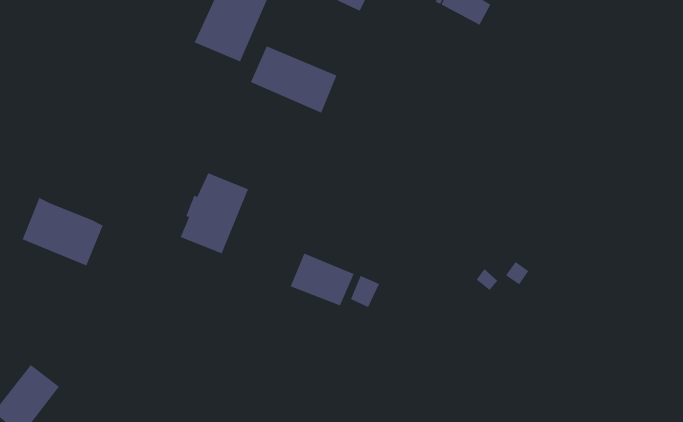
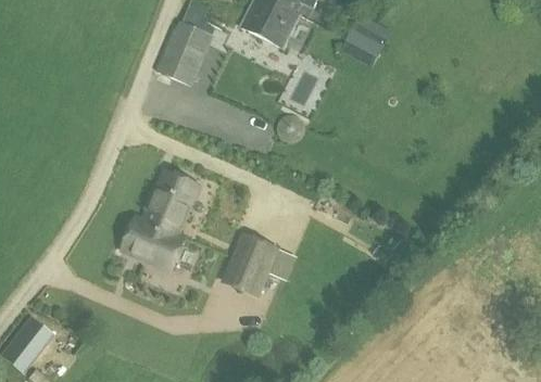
building: [250,45,337,114] -> none
building: [22,197,104,266] -> [123,215,186,268]
building: none -> [219,257,268,298]

